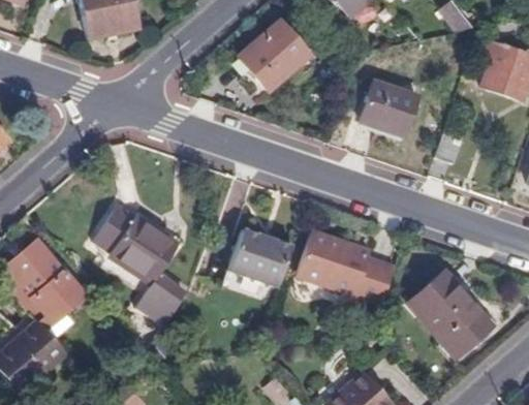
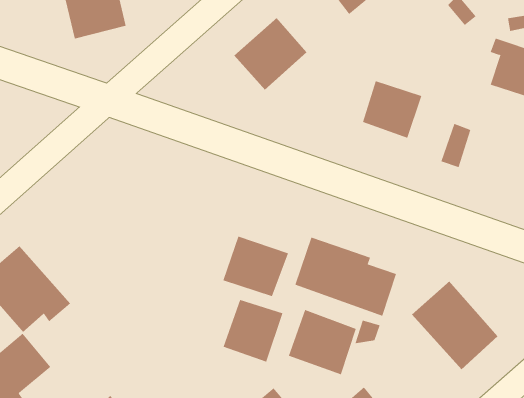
building: [91,207,185,322] -> none
building: none -> [223,299,283,362]
building: none -> [288,309,356,375]

